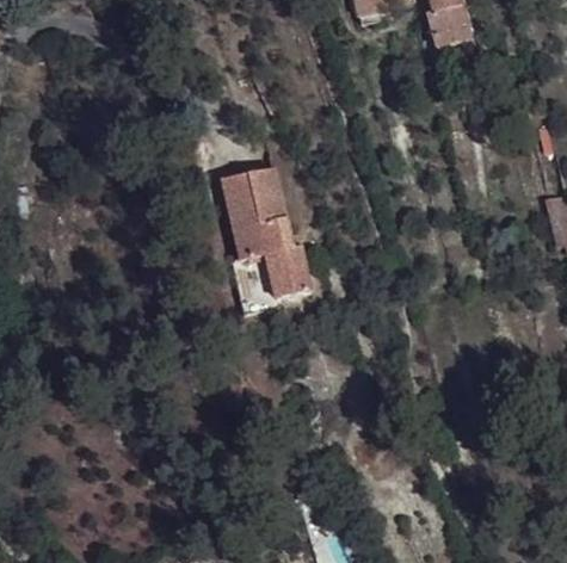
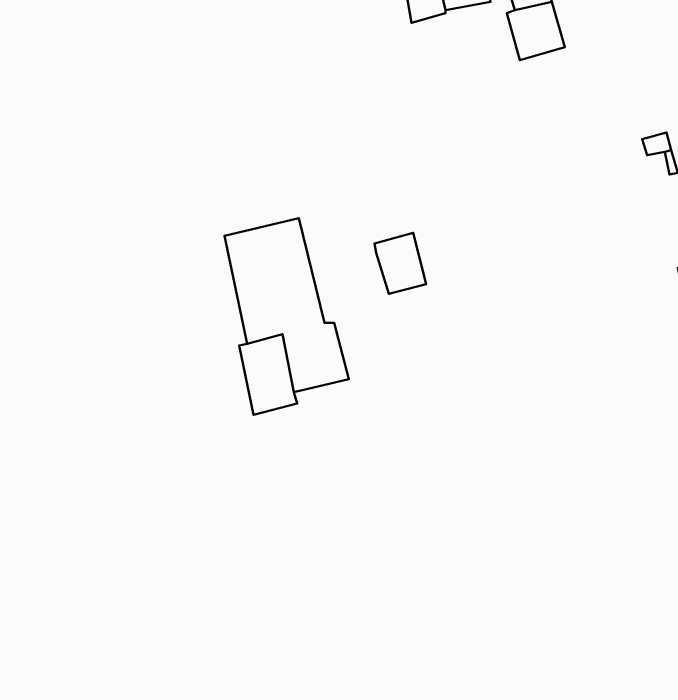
building: none -> [374,233,426,294]

